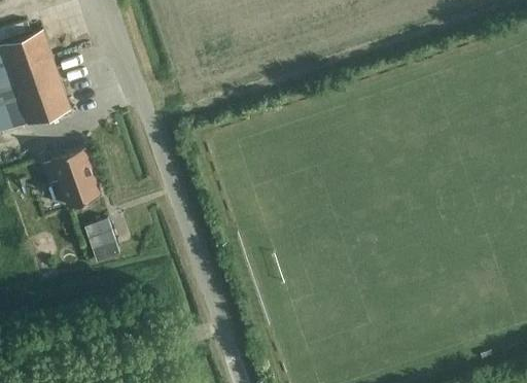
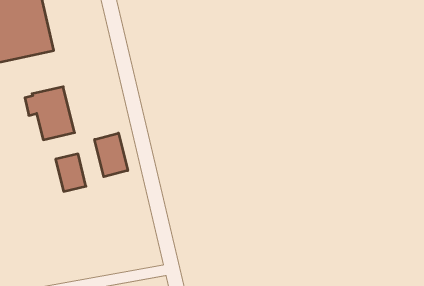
building: none -> [95,133,128,177]

